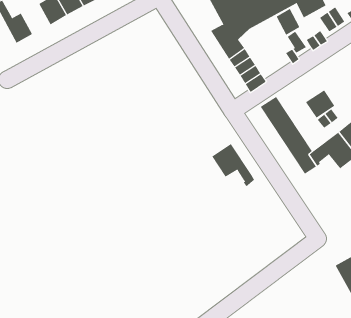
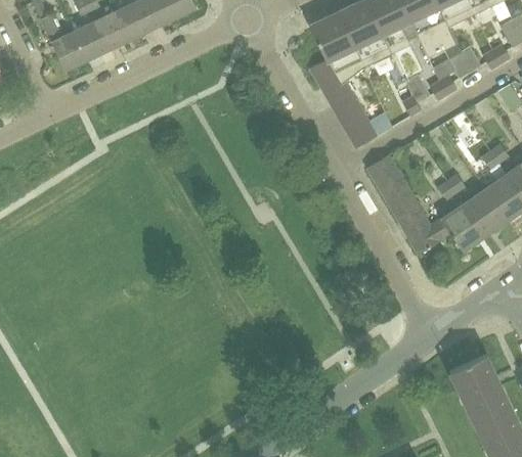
building: none -> [73,21,108,59]
building: [305,89,335,119] -> none
building: [211,143,255,187] -> none

